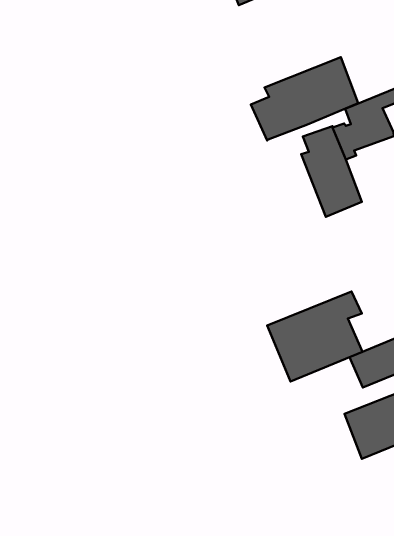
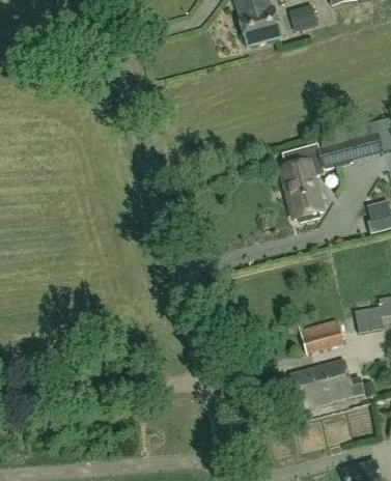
building: [251,57,358,141] -> none
building: [267,292,362,381] -> none

